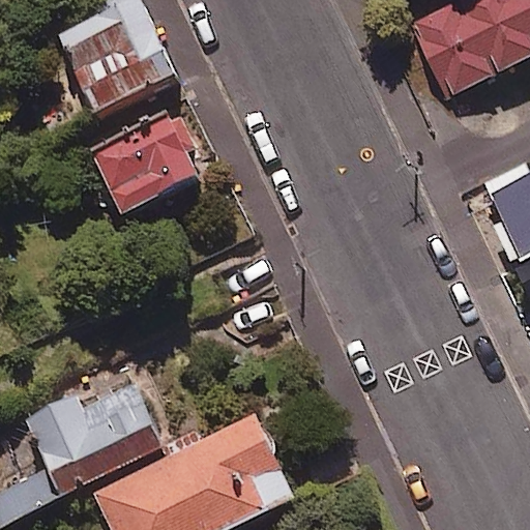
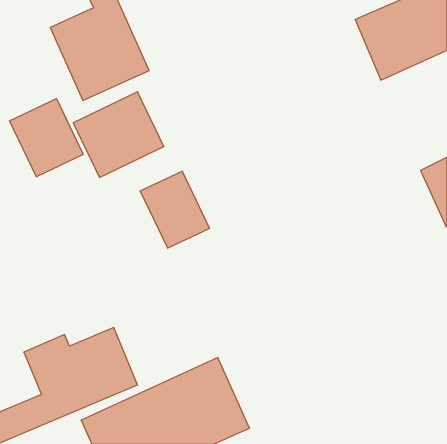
building: none -> [10,99,83,177]
building: none -> [140,171,210,248]

